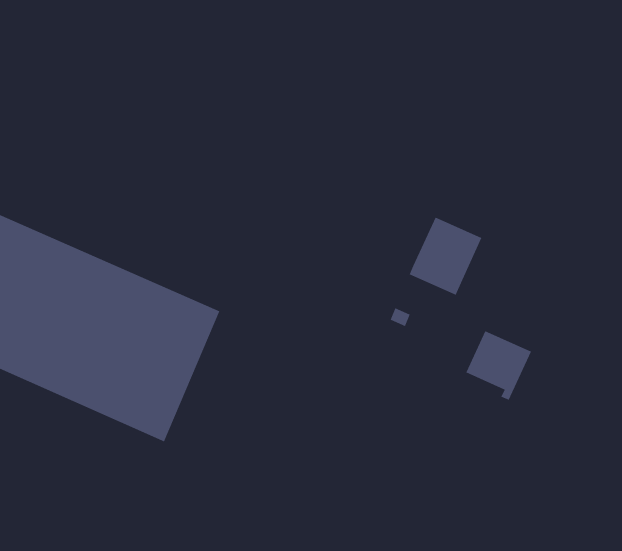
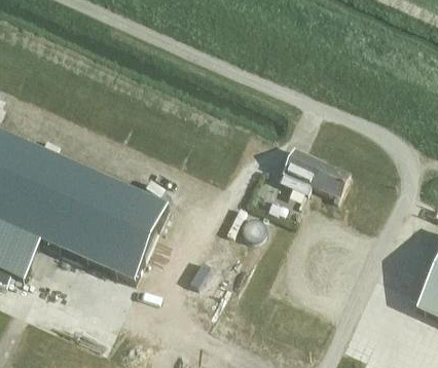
building: [466,331,532,400] -> [308,160,348,201]

